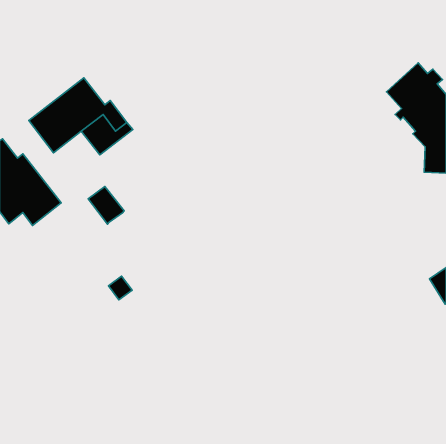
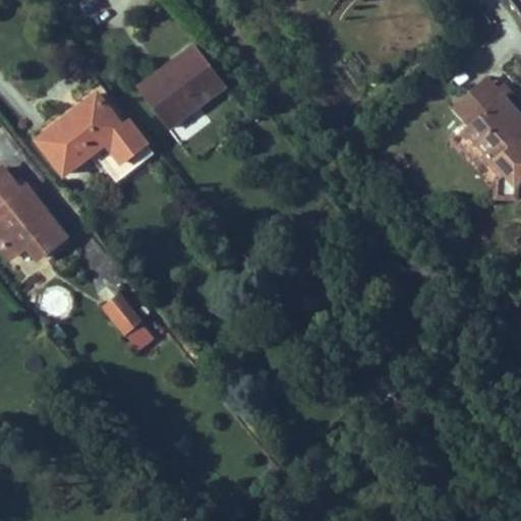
building: none -> [137,43,226,129]
building: [88,186,124,224] -> [102,291,143,335]

